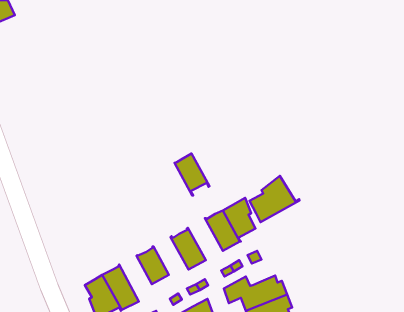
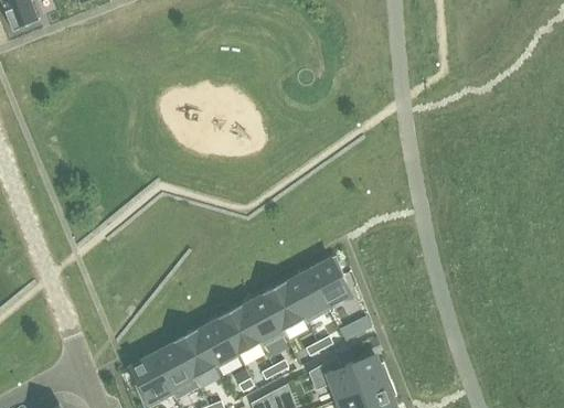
building: [174,154,209,196] -> [262,281,307,335]
building: [250,176,300,222] -> none
building: none -> [217,305,263,354]
building: none -> [173,330,215,388]

